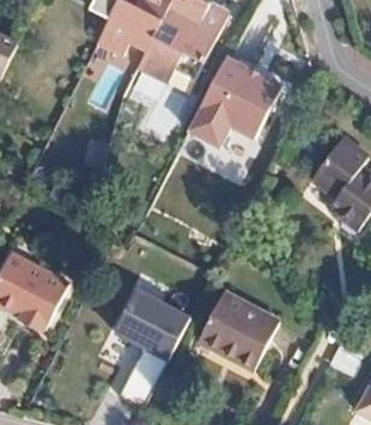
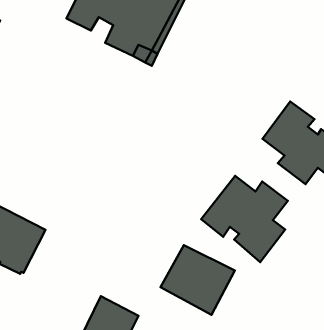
building: [190,59,288,153] -> none
building: none -> [201,176,288,262]
building: [111,290,199,366] -> none

